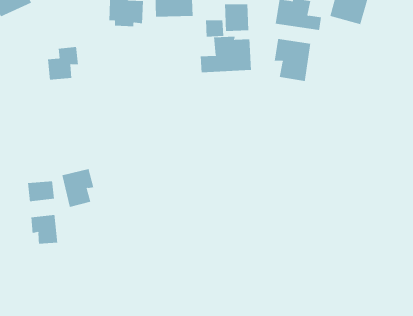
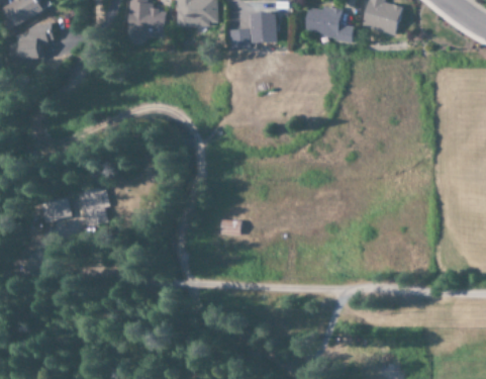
building: [200,36,252,73] -> none
building: [274,38,311,82] -> none
building: [47,47,79,80] -> [17,23,51,59]
building: [31,214,58,245] -> none

